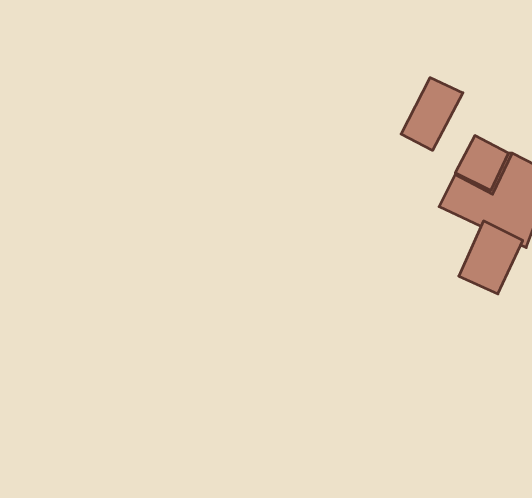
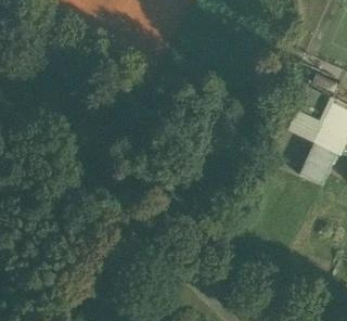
building: [401,78,463,150] -> none

